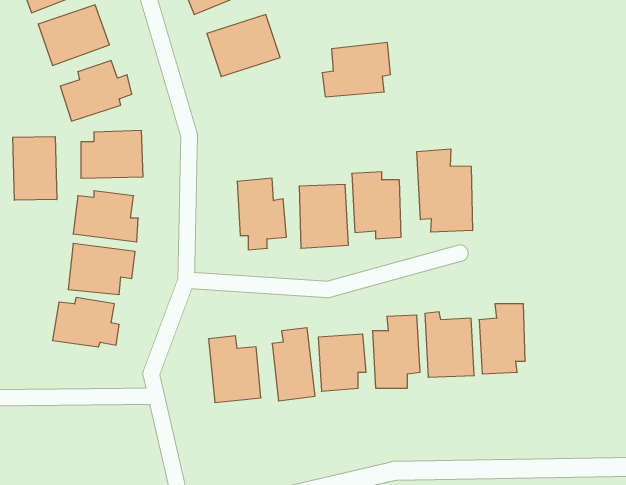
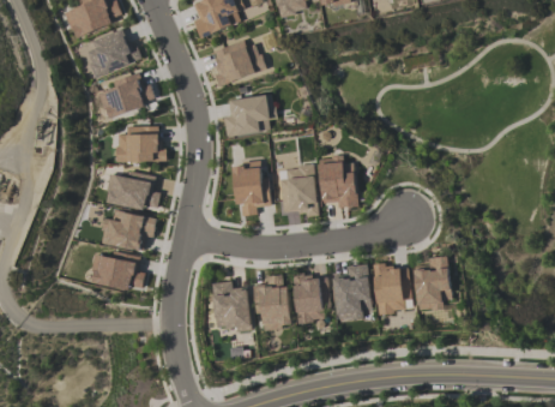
building: [322,43,391,97] -> [223,95,275,136]
building: [13,137,57,200] -> none
building: [417,149,472,232] -> none

